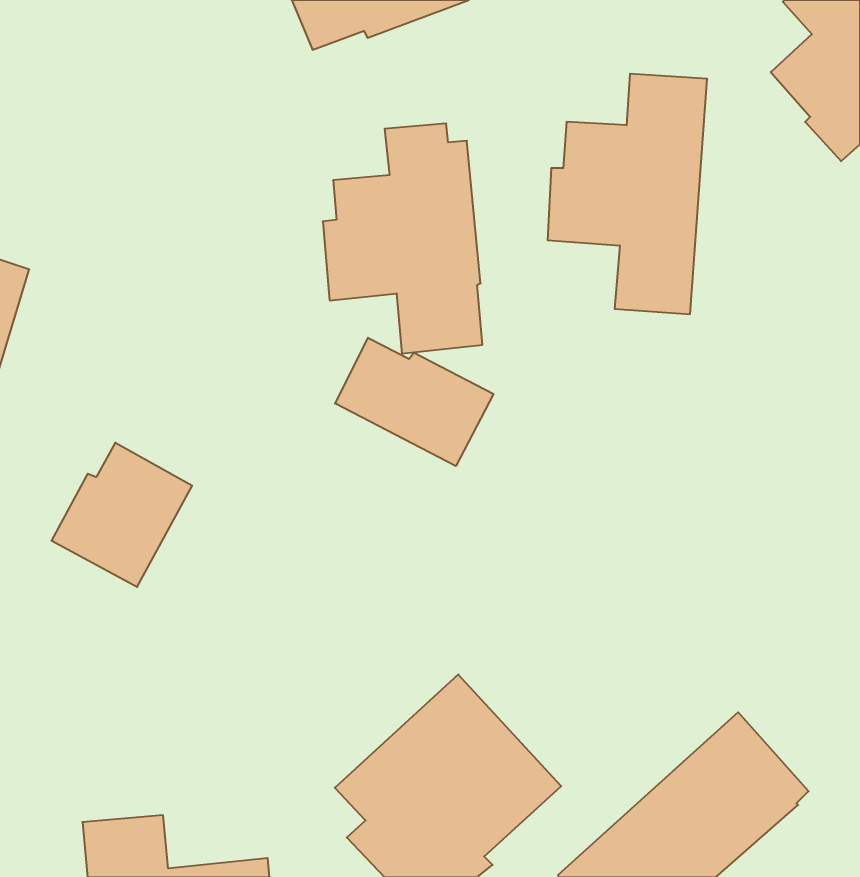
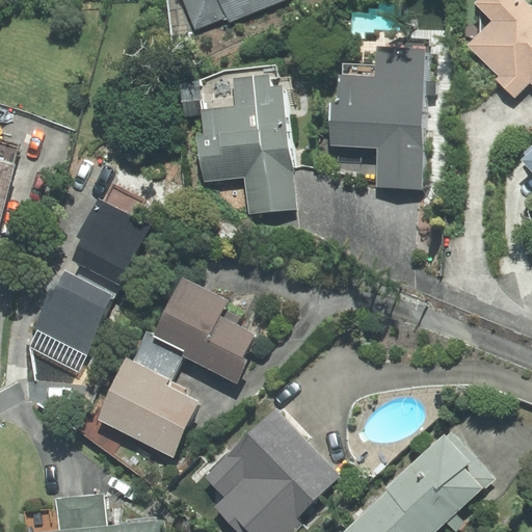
building: none -> [74,198,152,285]
building: [335,338,493,466] -> none
building: none -> [96,276,256,457]

